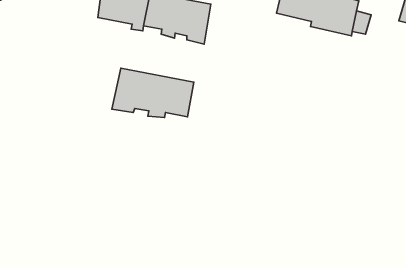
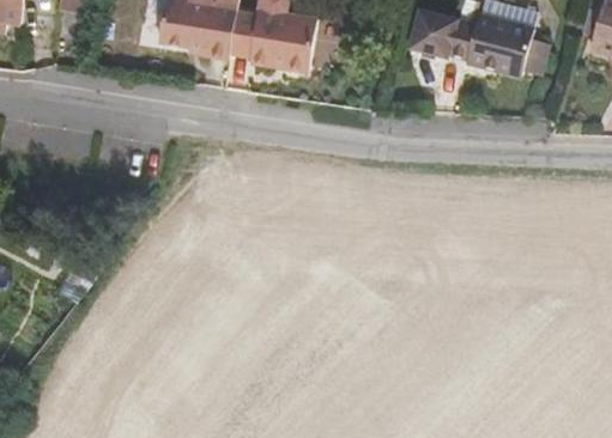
building: [112,68,194,118] -> none

